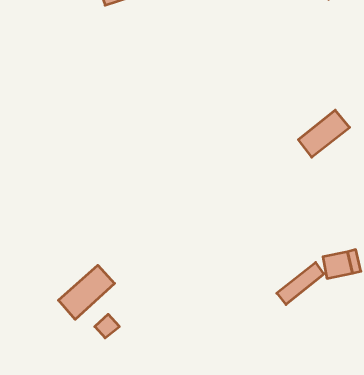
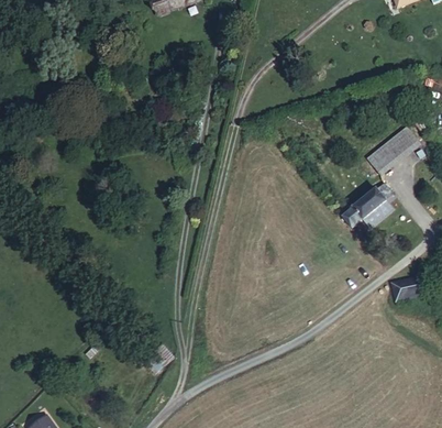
building: [277,262,324,305] -> [341,182,391,227]
building: [58,265,115,319] -> none

